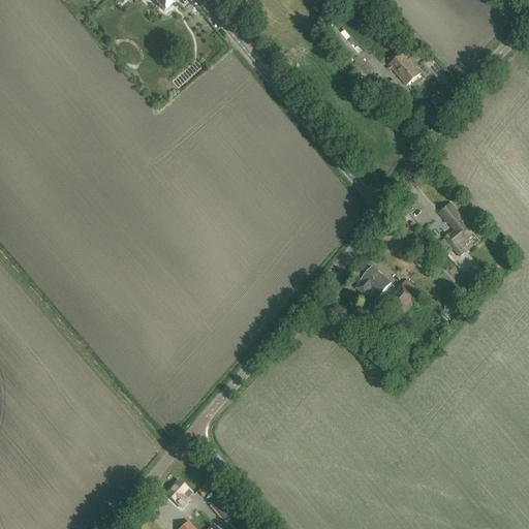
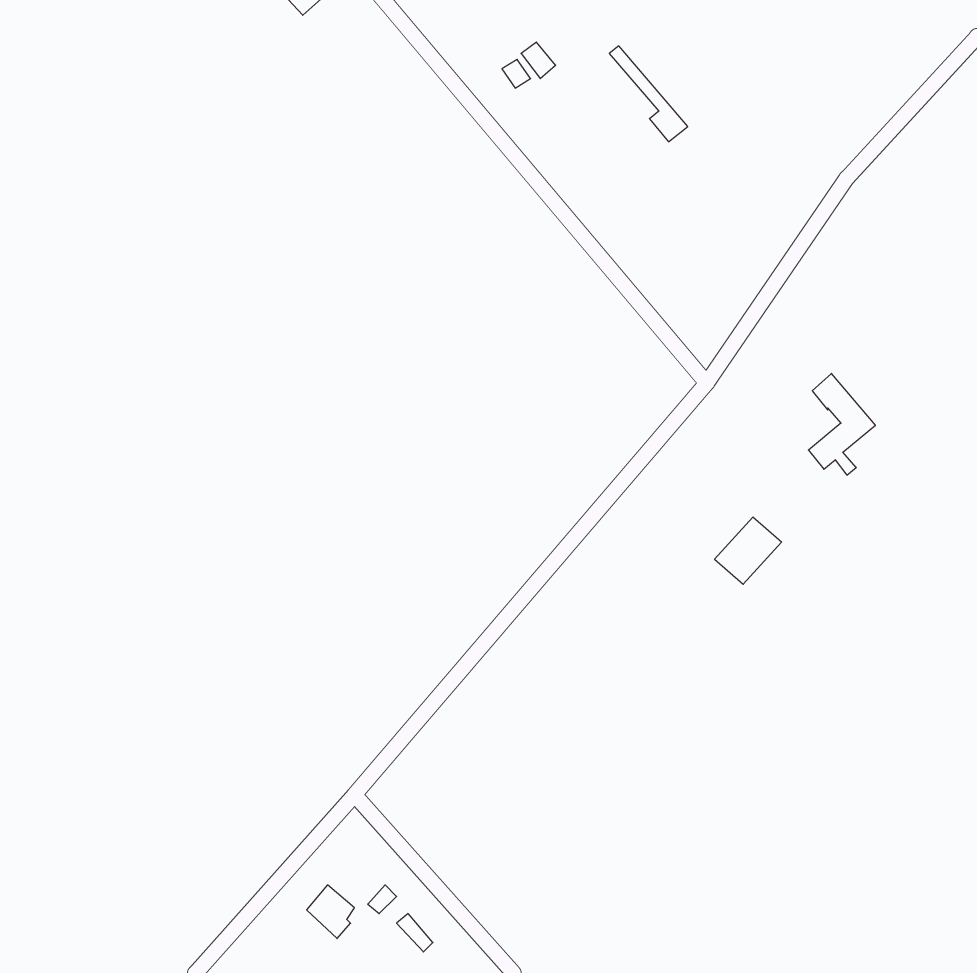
building: [387,50,419,83] -> none
building: [354,264,391,294] -> none

